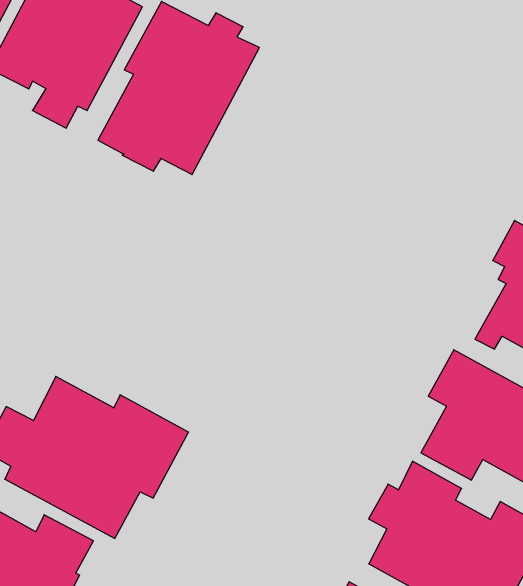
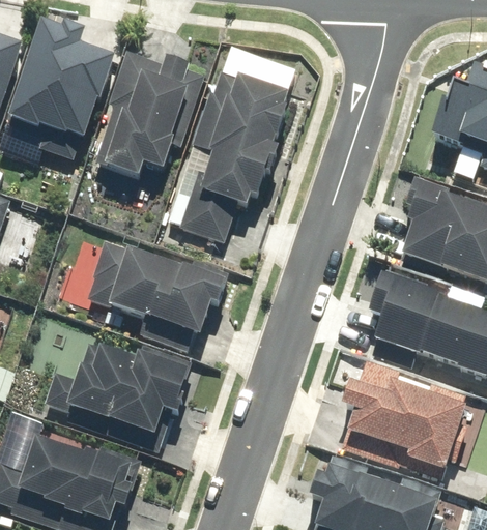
building: none -> [173,47,299,243]
building: none -> [62,232,229,350]

